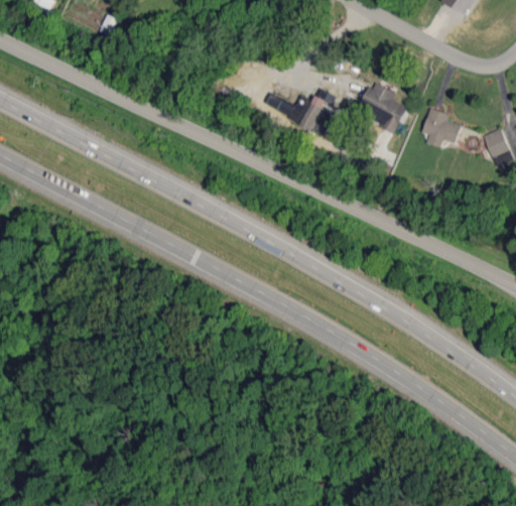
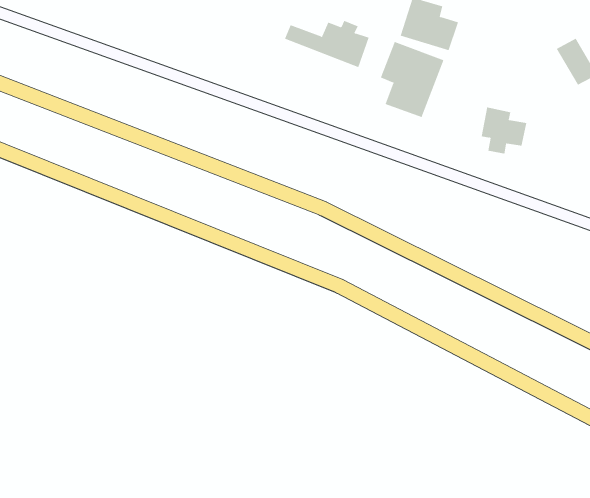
building: [422,108,461,147] -> [481,107,527,154]
building: none -> [380,41,444,118]

